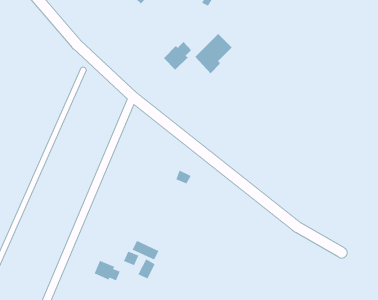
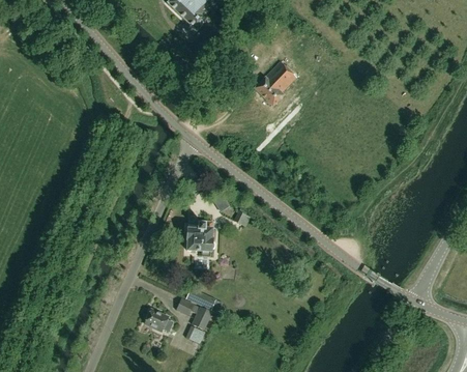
building: [163,41,192,70] -> none
building: none -> [186,222,211,252]

